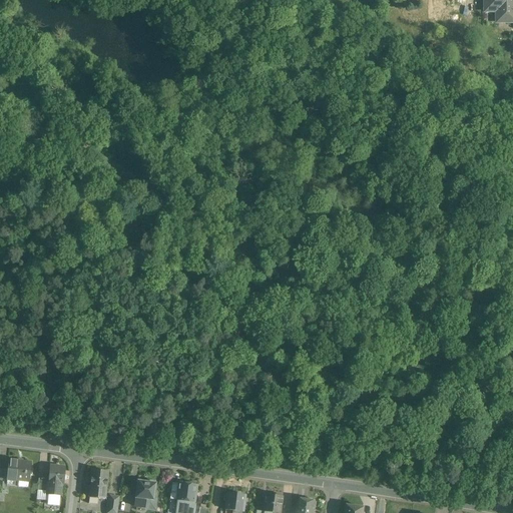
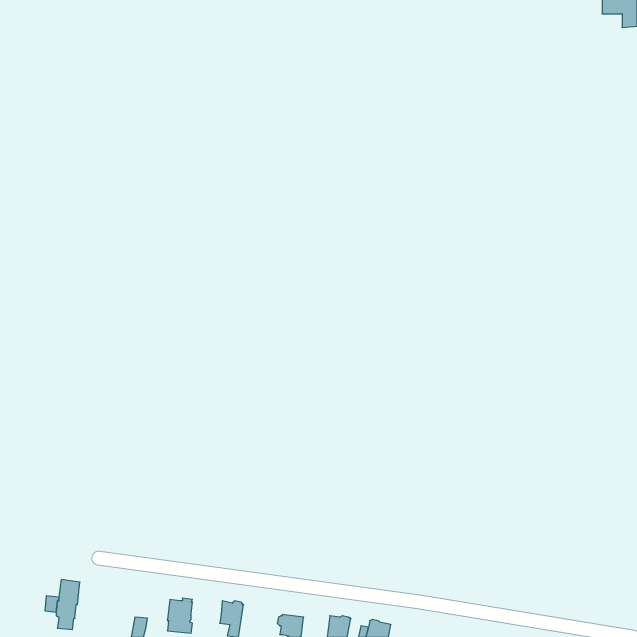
building: [5,459,30,482] -> none
building: [88,470,107,499] -> none

